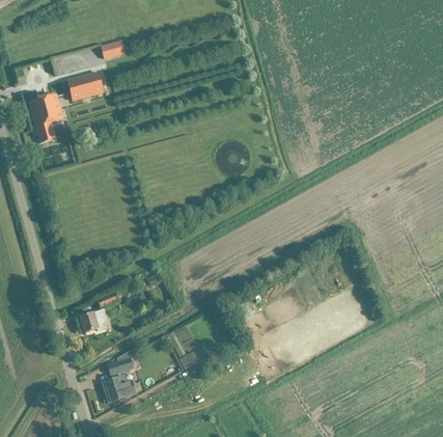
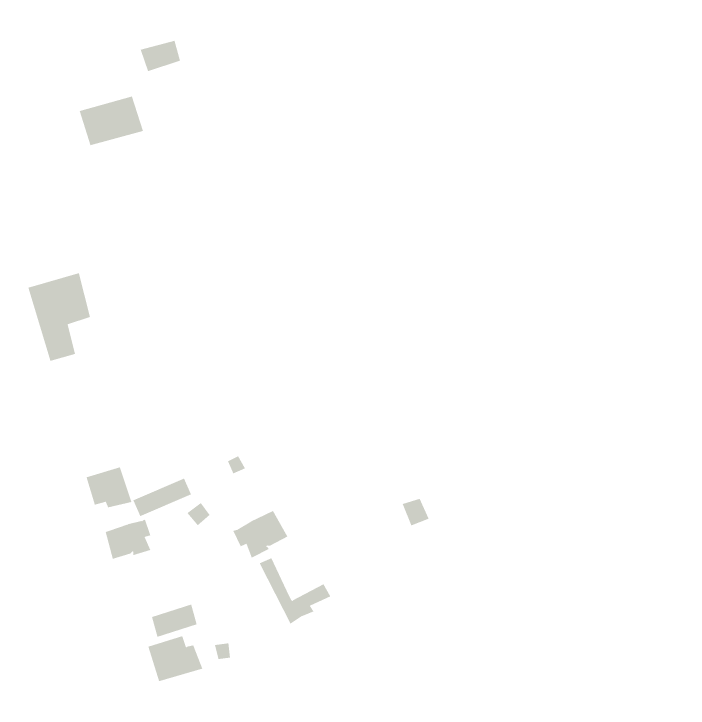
building: [28,93,63,143] -> [28,273,91,362]
building: none -> [86,466,132,508]
building: none -> [232,510,288,559]

